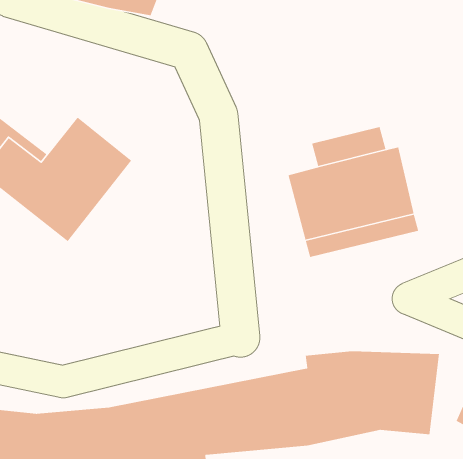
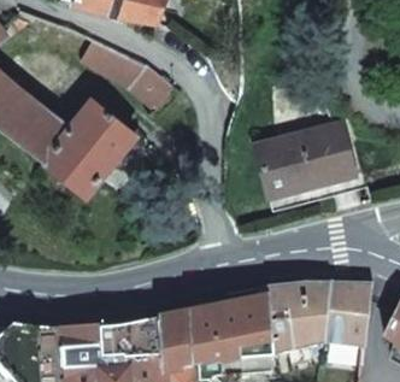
building: none -> [84,40,175,110]

